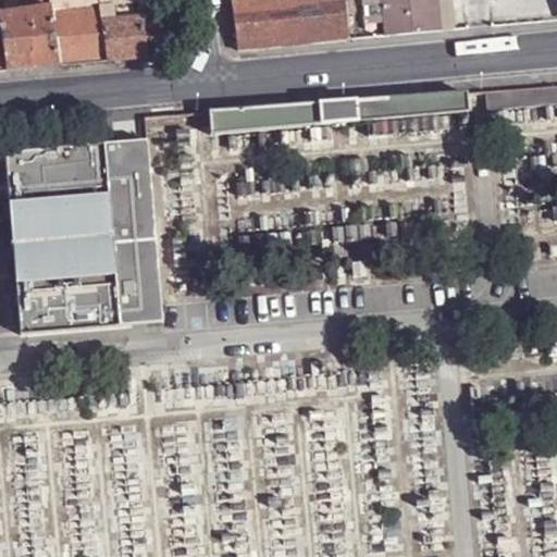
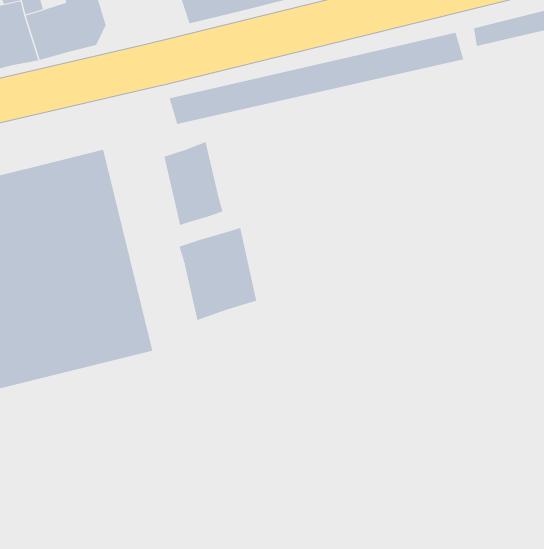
building: none -> [164,141,223,226]
building: none -> [179,227,257,321]

